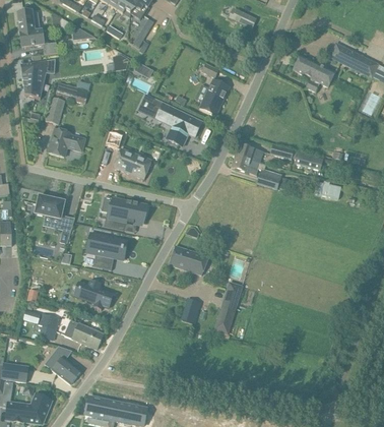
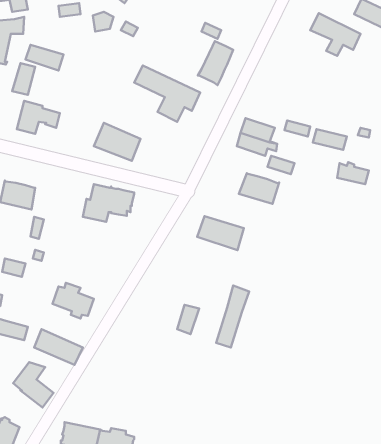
building: none -> [239,173,279,204]
building: [88,232,123,267] -> none
building: [169,246,207,274] -> [197,216,244,250]

